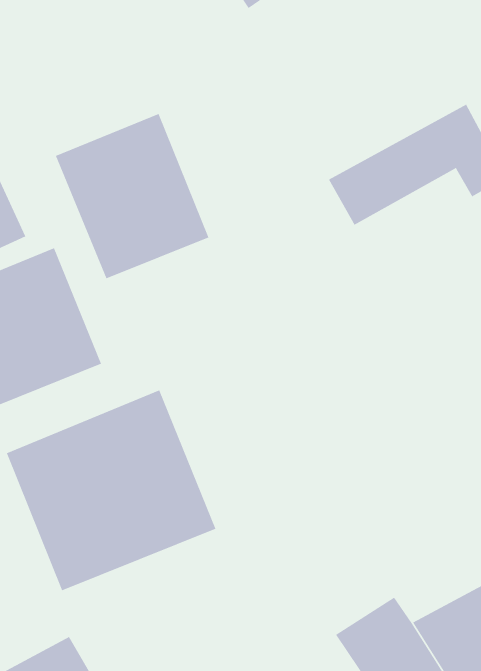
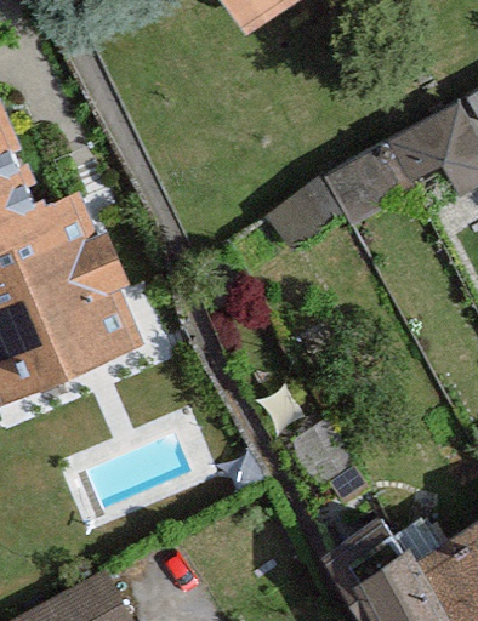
building: [55,113,209,279] -> none
building: [6,390,216,591] -> none

